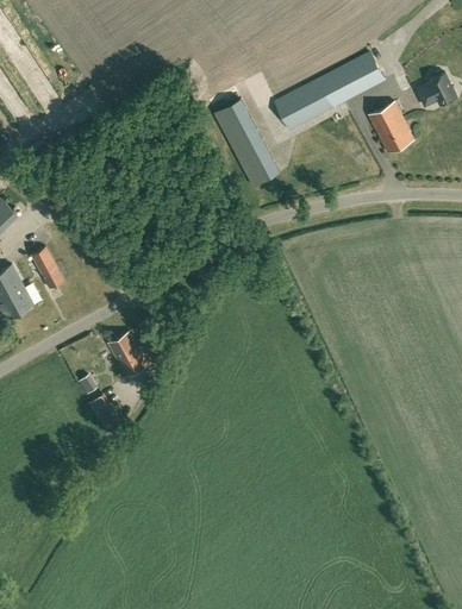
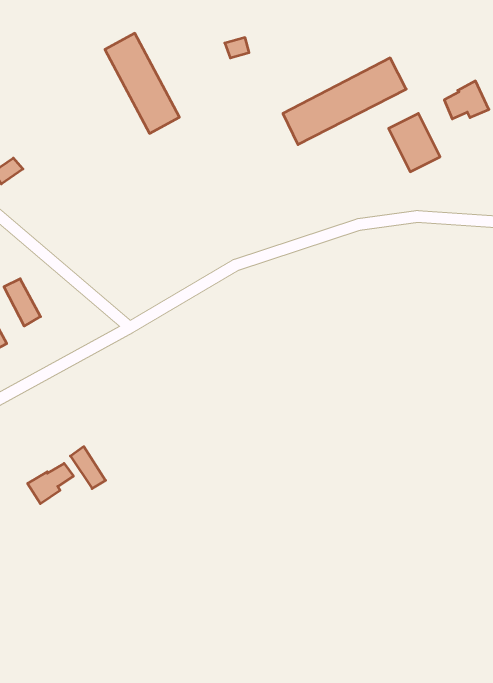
building: [214,98,280,186] -> [105,33,179,133]
building: [108,329,149,376] -> none
building: none -> [28,463,73,504]

